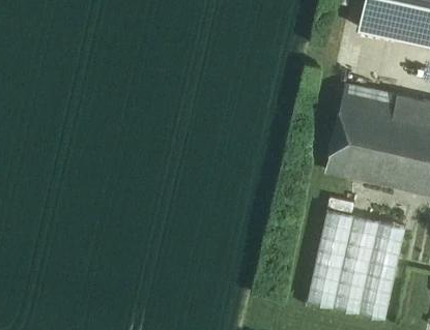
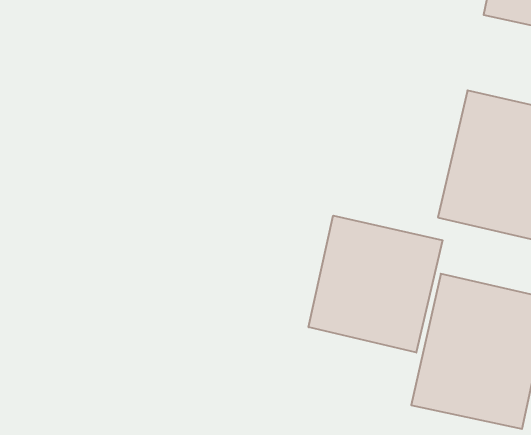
building: none -> [309,216,443,353]

